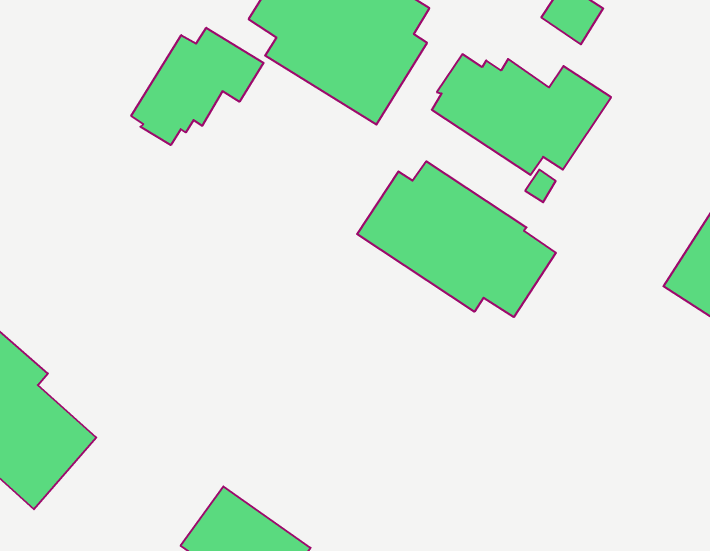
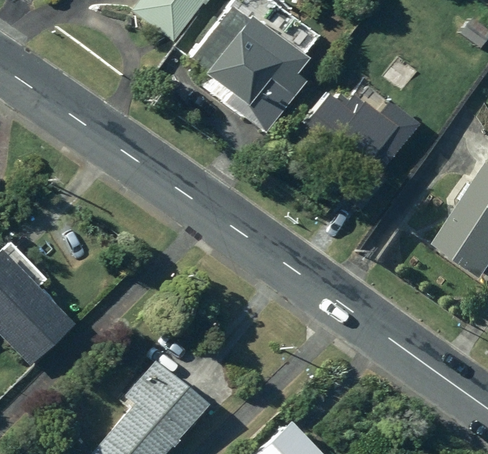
building: [131,28,264,145] -> none
building: [357,161,556,317] -> none

